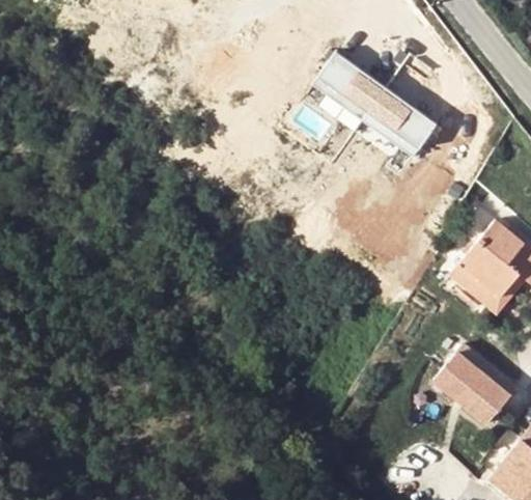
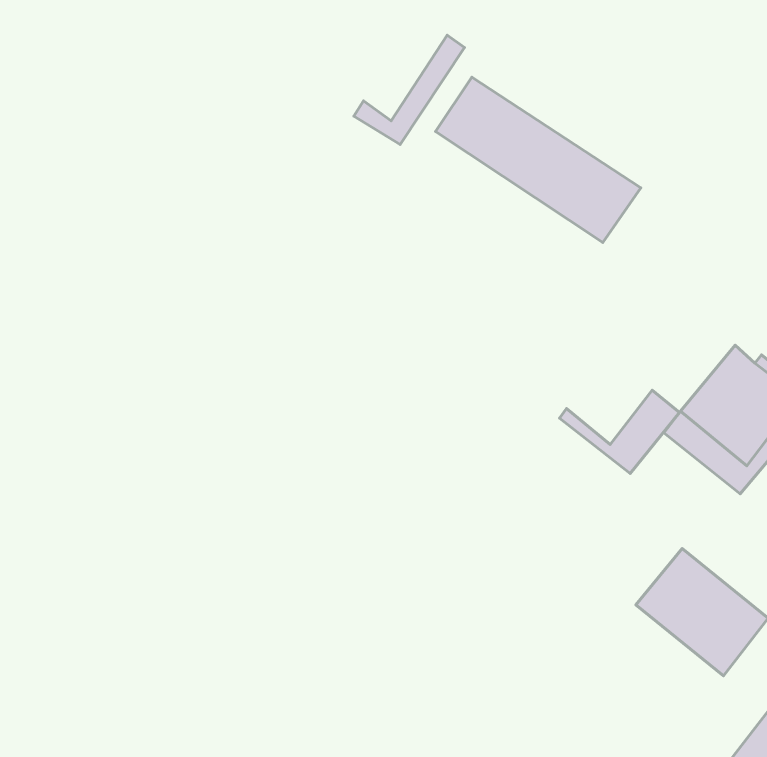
building: none -> [354,35,464,144]
building: none -> [559,390,679,474]

